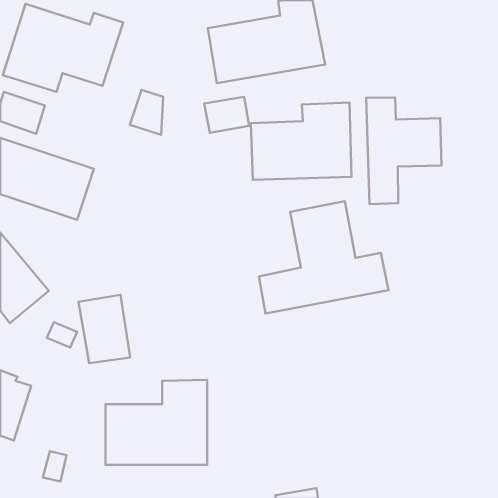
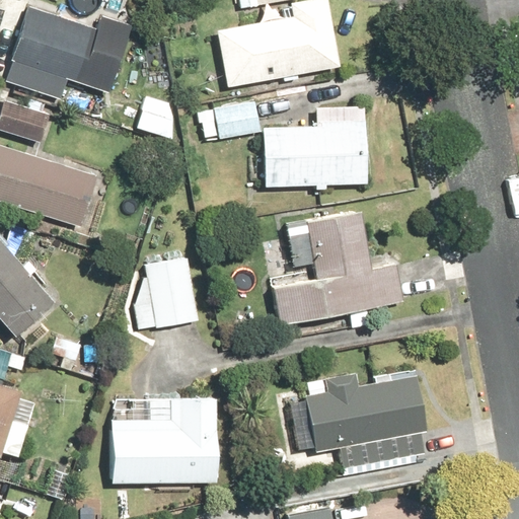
building: [366,97,441,204] -> none
building: [79,295,130,363] -> [143,258,197,329]
building: none -> [304,372,426,475]

